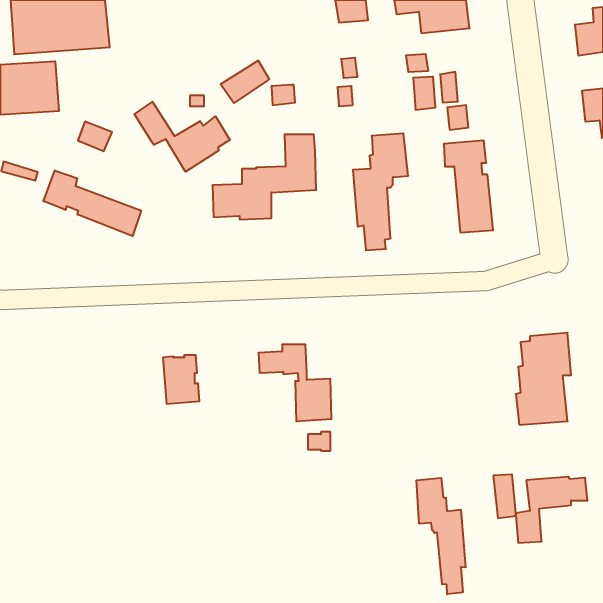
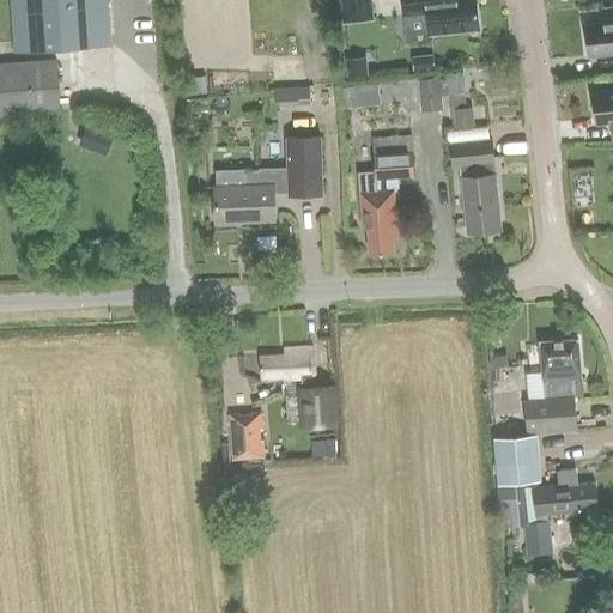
building: [221,60,269,103] -> none
building: [134,102,230,172] -> none
building: [43,170,141,236] -> none
building: [163,355,199,404] -> [229,411,266,460]
building: none -> [497,435,536,482]
building: [416,478,466,594] -> none

